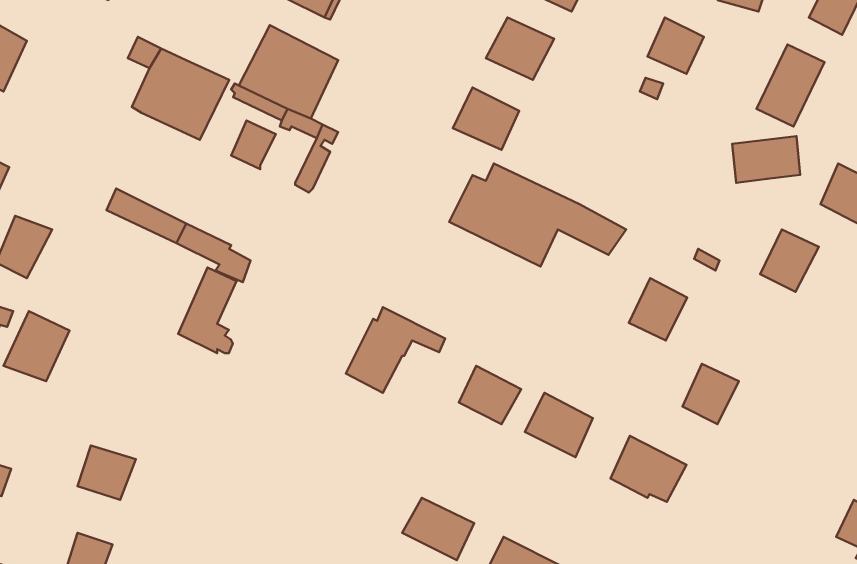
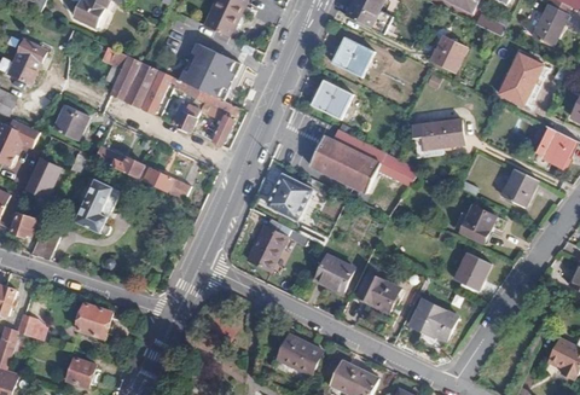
building: none -> [54,105,87,141]
building: [732,136,800,183] -> [422,121,464,150]
building: none -> [268,173,311,220]
building: [178,268,237,353] -> [76,181,112,234]
building: [629,278,687,340] -> [459,203,495,242]

